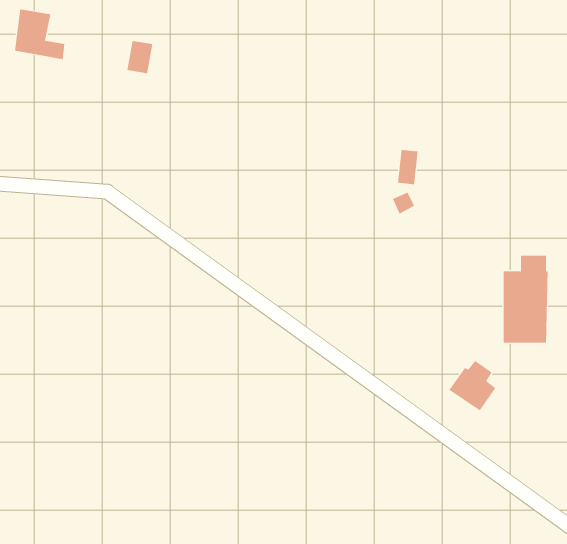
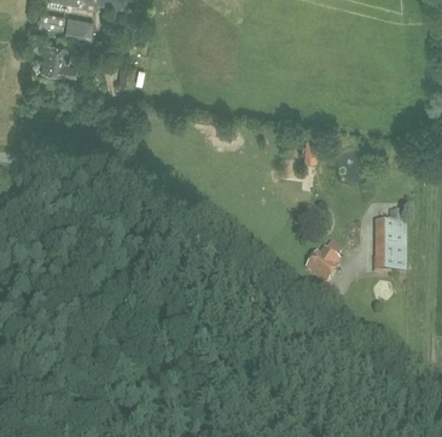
building: [449,360,496,411] -> [304,249,337,284]

